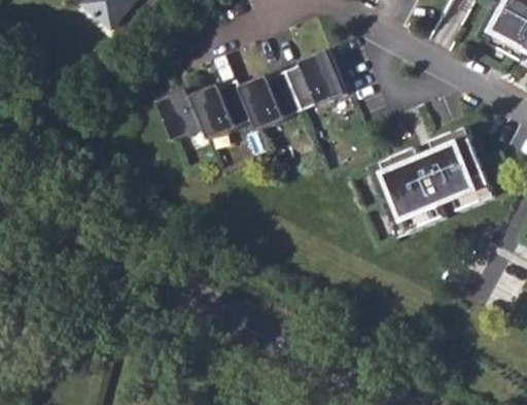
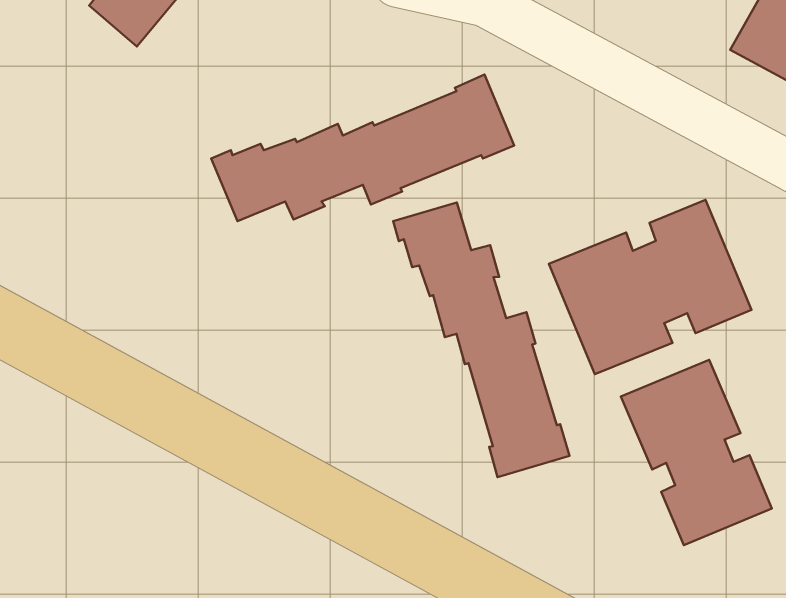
building: none -> [393,202,569,477]
building: none -> [621,360,772,545]

